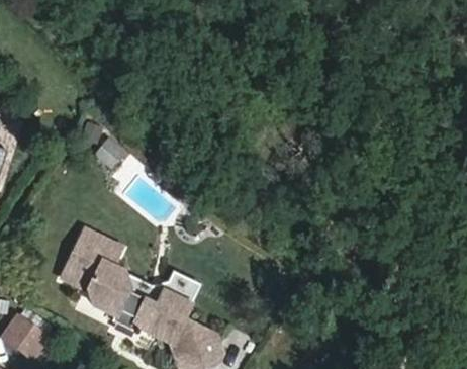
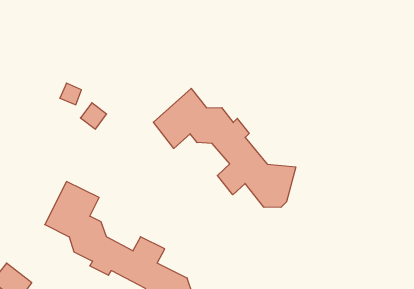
building: none -> [153,88,296,207]

